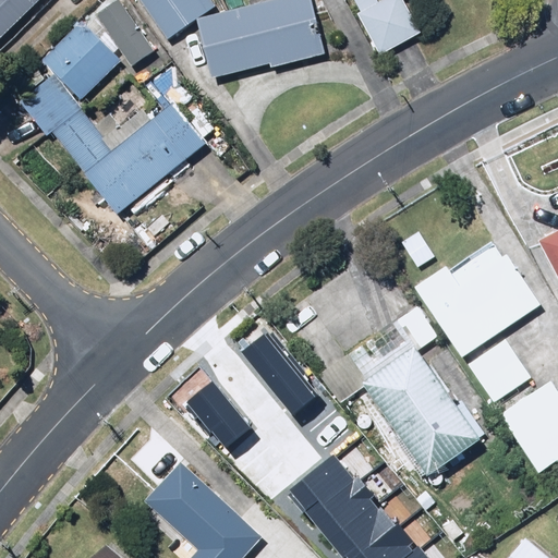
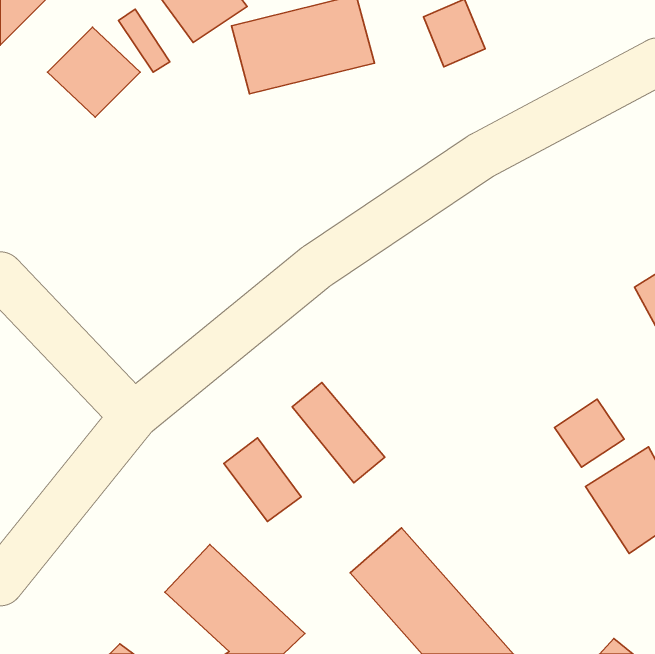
building: [25,76,205,217] -> none
building: [413,256,538,353] -> none
building: [361,349,474,473] -> none

